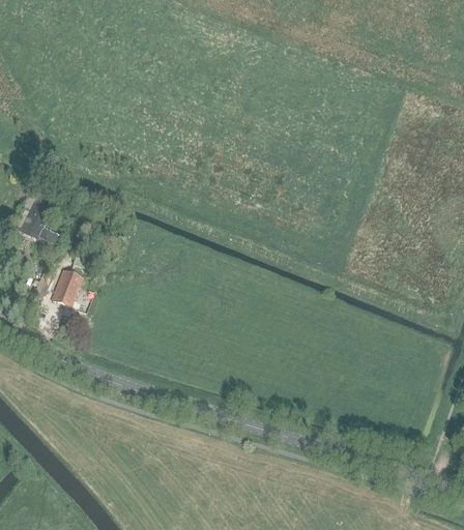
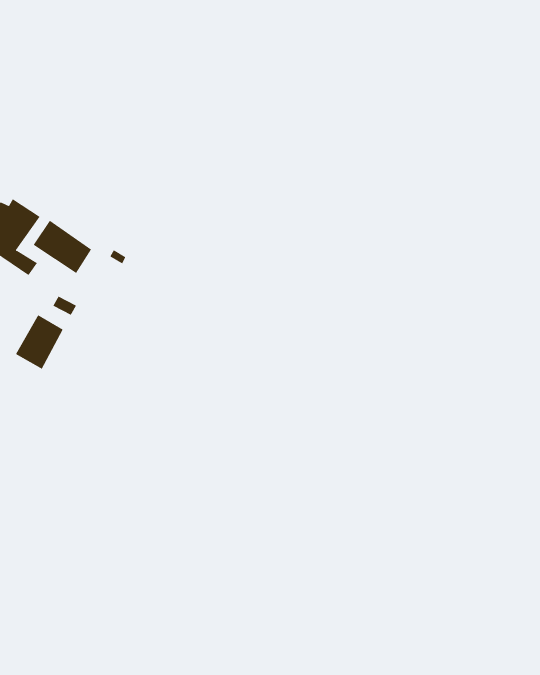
building: none -> [33,220,92,274]

